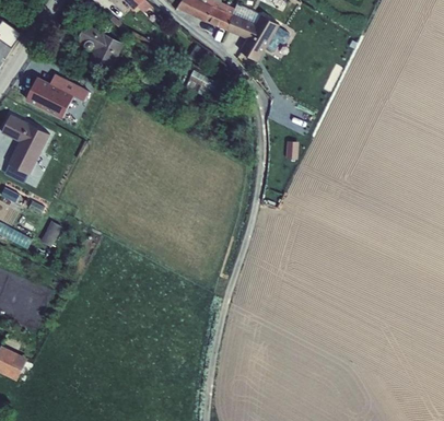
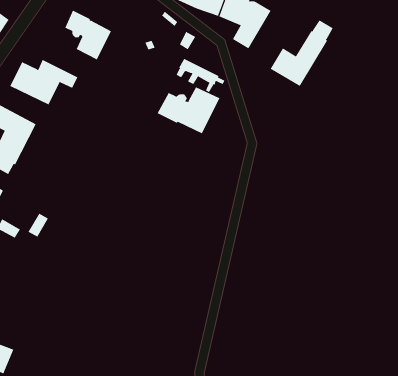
building: none -> [270,20,334,87]
building: none -> [157,86,220,134]

